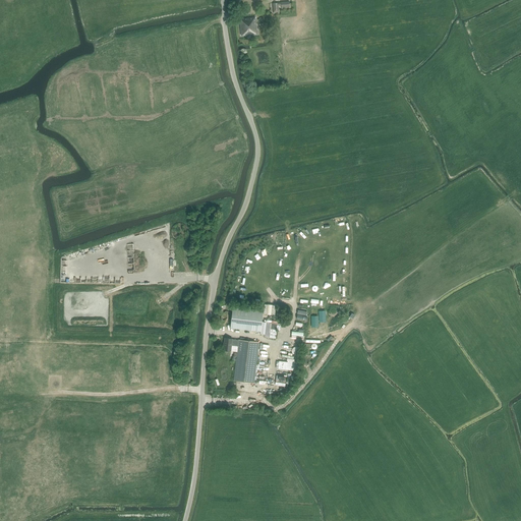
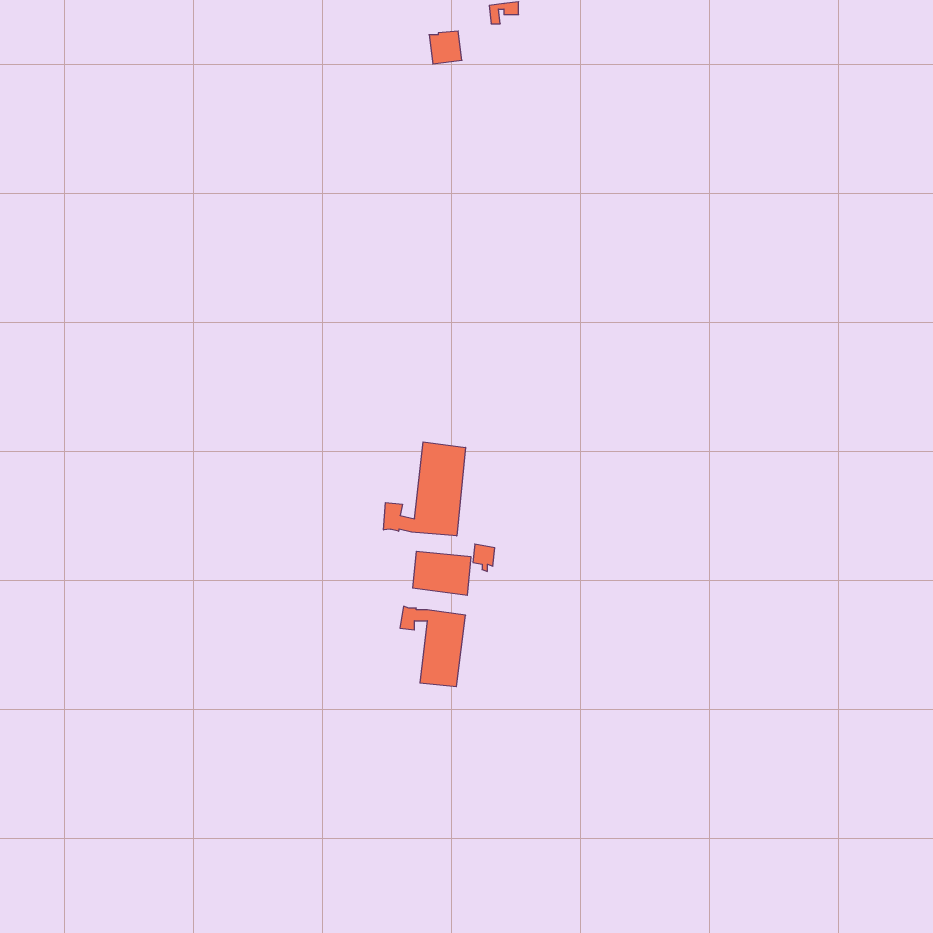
building: none -> [384,442,466,536]

